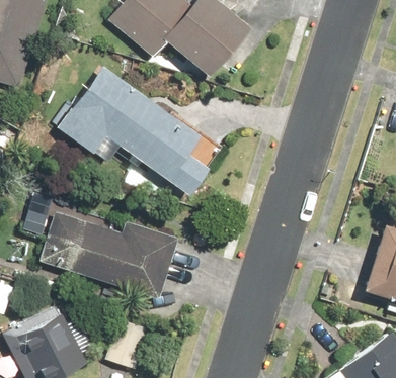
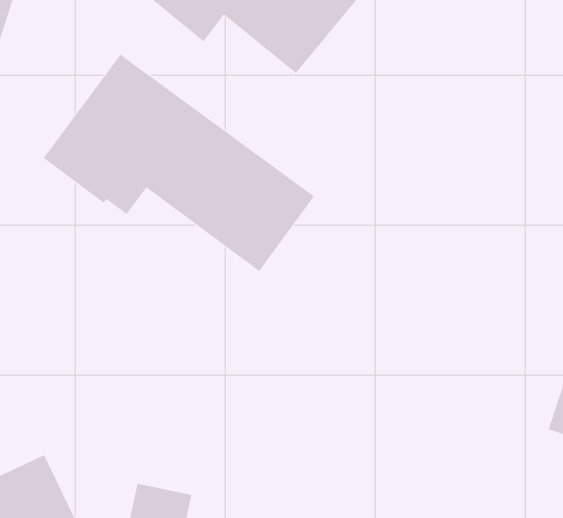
building: [39,211,176,295] -> none

